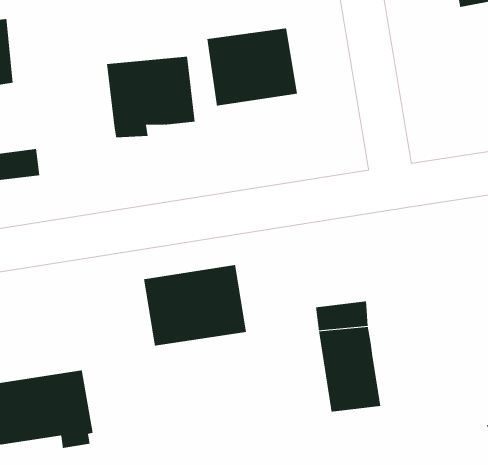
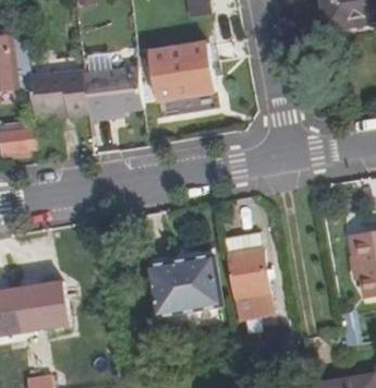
building: none -> [28,66,85,116]
building: [143,265,247,346] -> [148,257,220,314]

